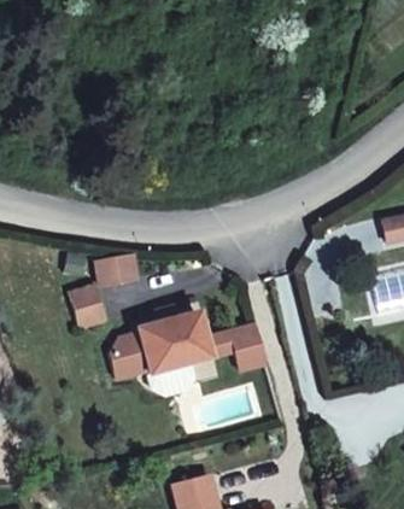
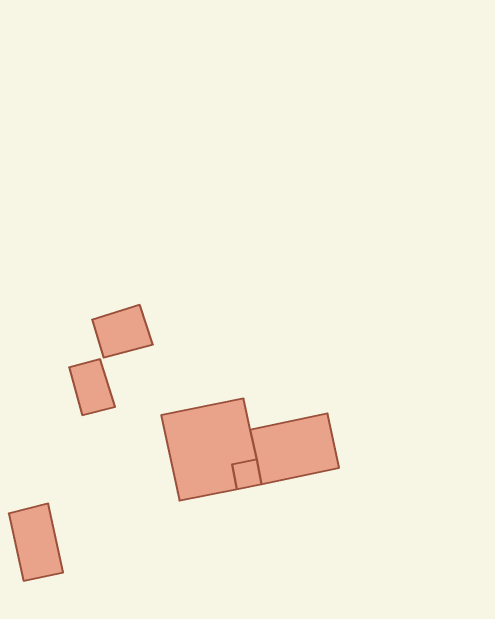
building: [110,330,150,387] -> [9,504,63,581]

